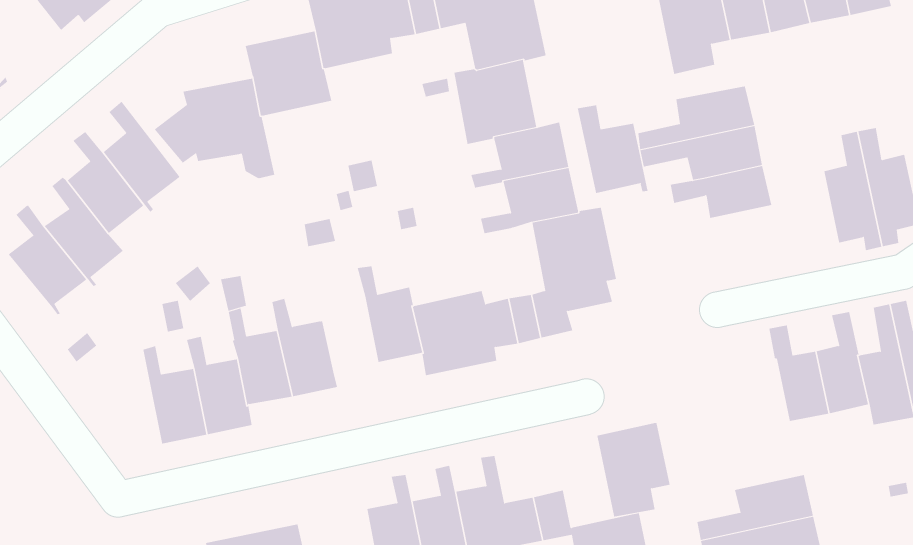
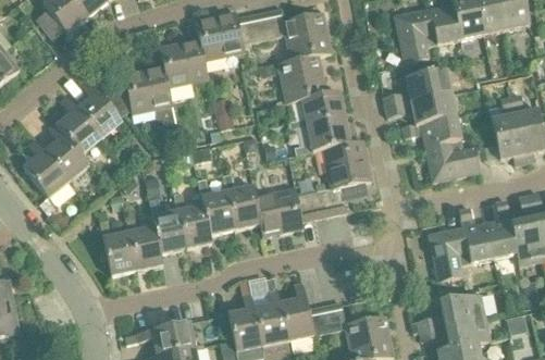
building: [577,105,648,194] -> none
building: none -> [425,138,480,181]
building: none -> [198,177,235,234]
building: [597,422,671,517] -> [429,226,471,281]

